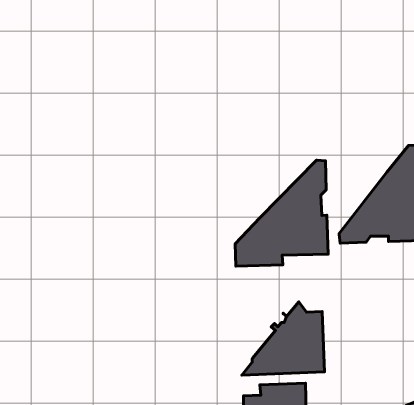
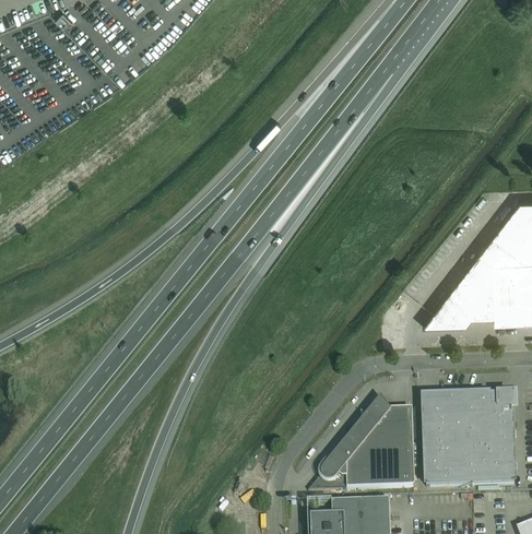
building: [235,160,328,266] -> none
building: none -> [423,393,513,484]

